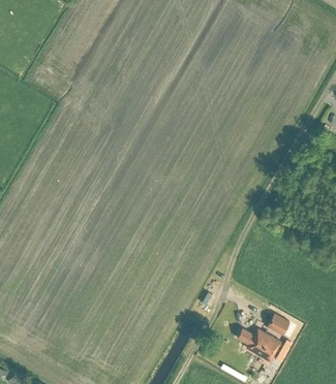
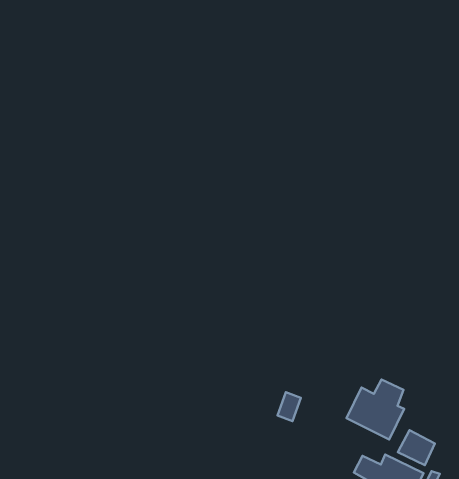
building: none -> [347,380,404,439]

